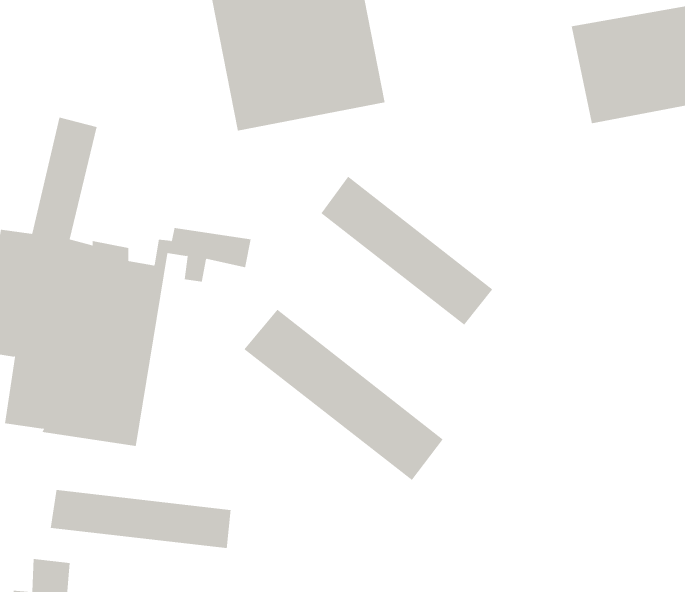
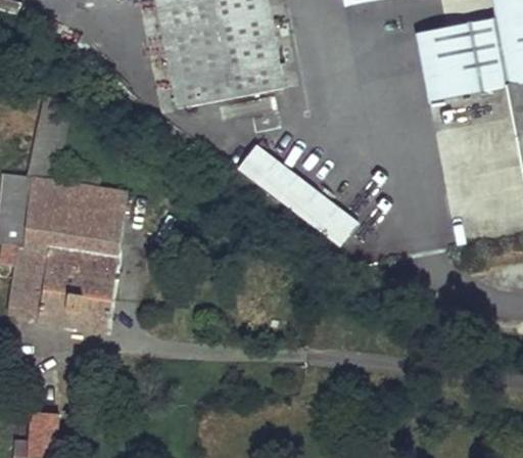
building: [244,309,444,481] -> none
building: [50,489,231,549] -> none

